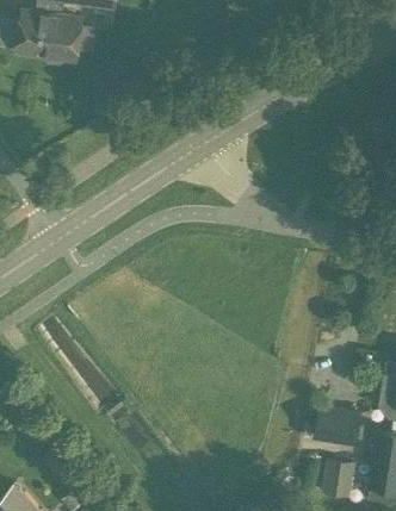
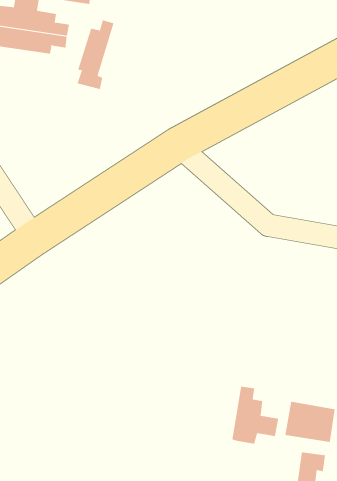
building: none -> [77,19,114,90]
building: none -> [232,386,279,444]

